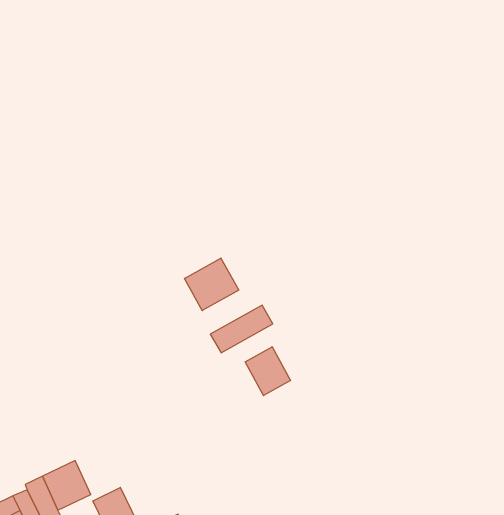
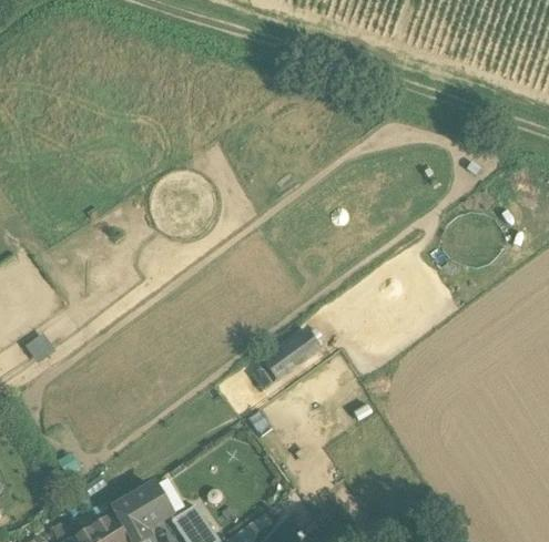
building: [184,258,239,311] -> none
building: [245,347,290,396] -> none

